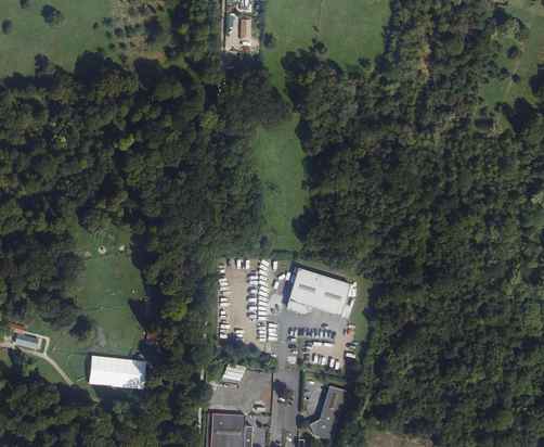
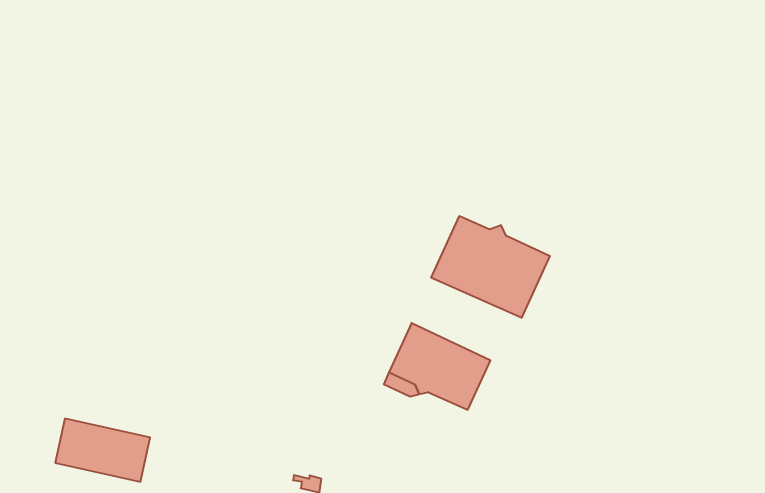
building: none -> [431,216,550,318]

